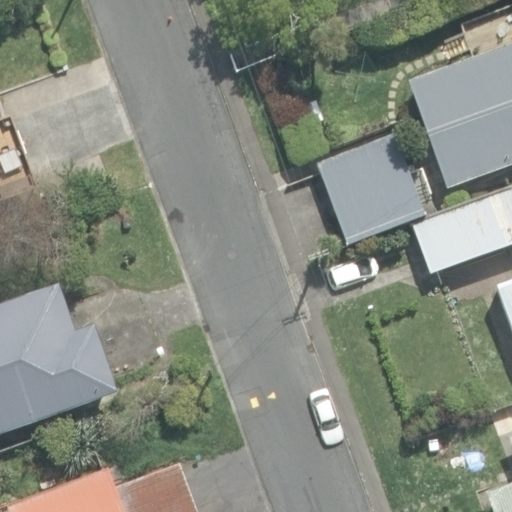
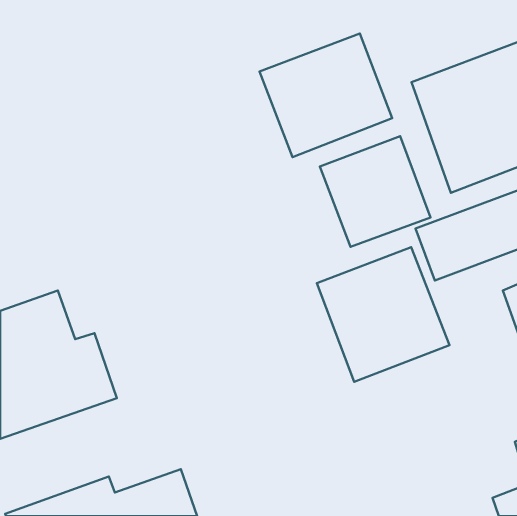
building: none -> [260,33,392,157]
building: none -> [317,247,450,382]

